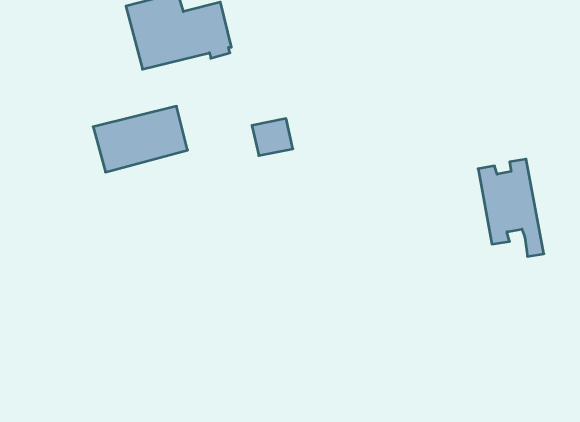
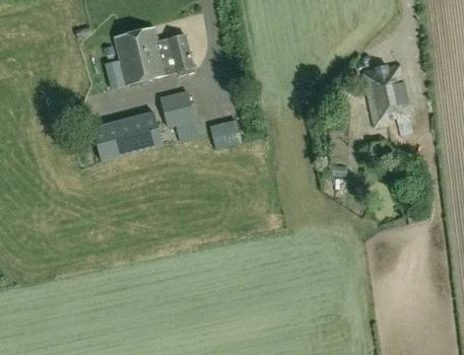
building: none -> [158,90,195,130]
building: [478,159,544,256] -> [362,63,411,135]

